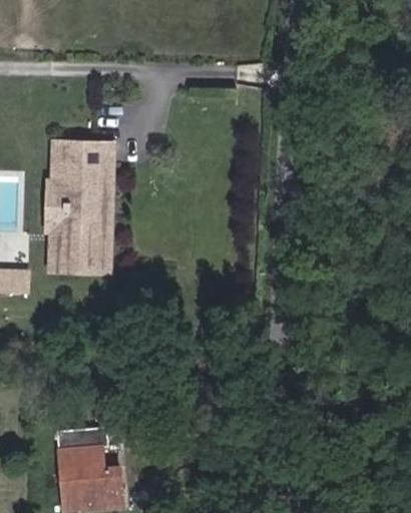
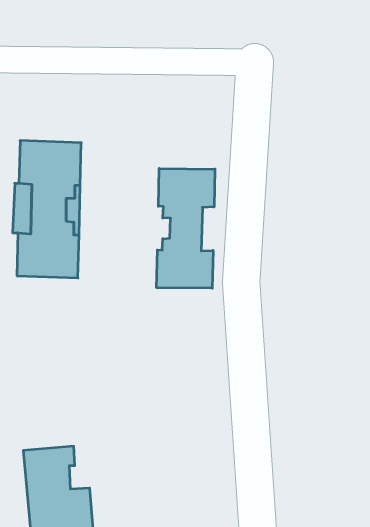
building: none -> [157,168,215,288]

